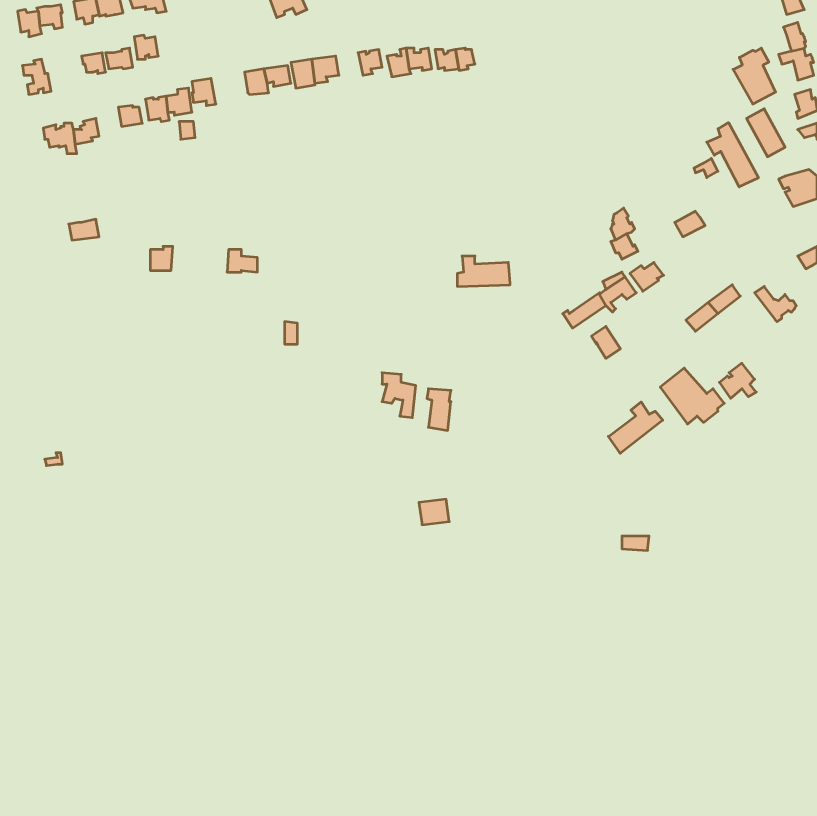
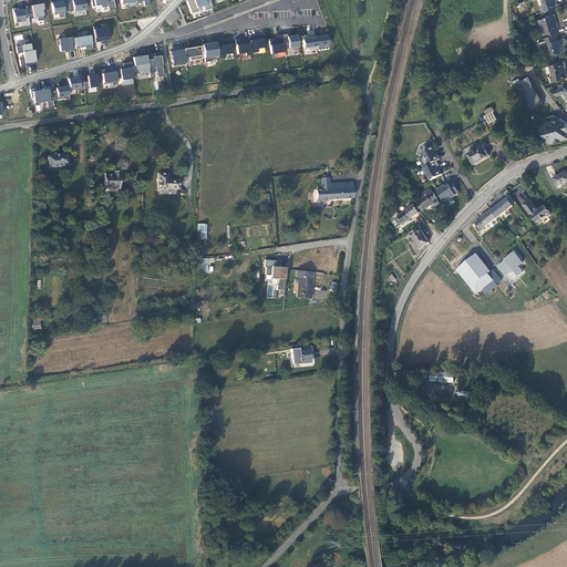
building: [733,48,776,104] -> none
building: [707,123,758,187] -> none
building: [608,402,663,453] -> none

